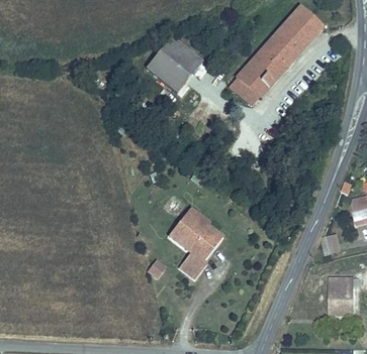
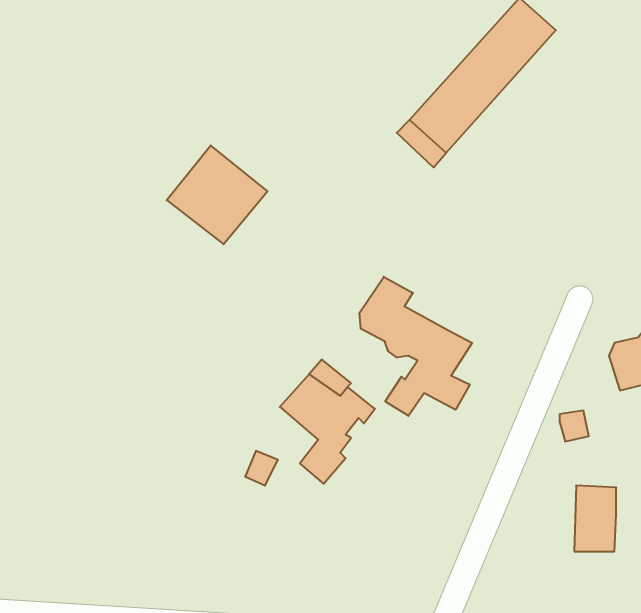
building: [149,35,204,90] -> [167,145,267,244]
building: none -> [360,277,472,416]

